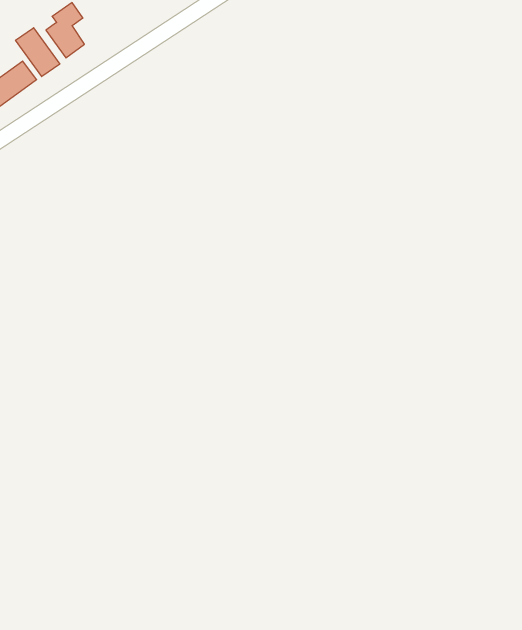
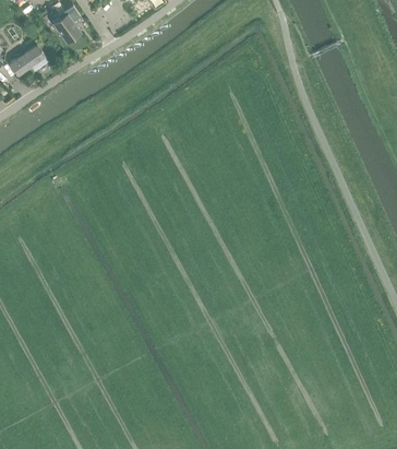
building: [16,28,60,77] -> none

